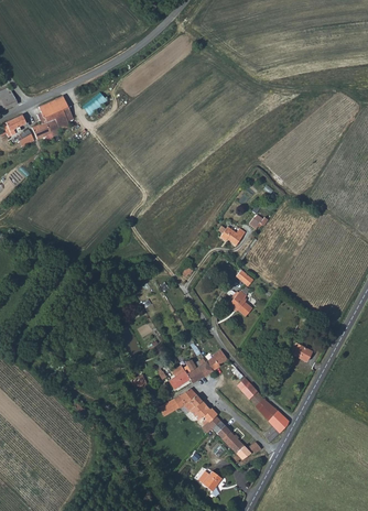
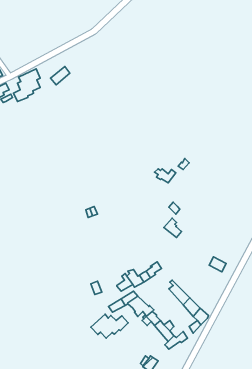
building: none -> [91,314,128,338]

